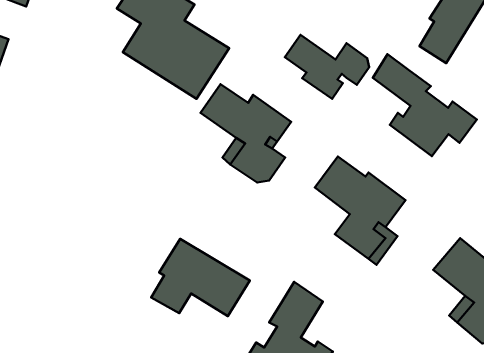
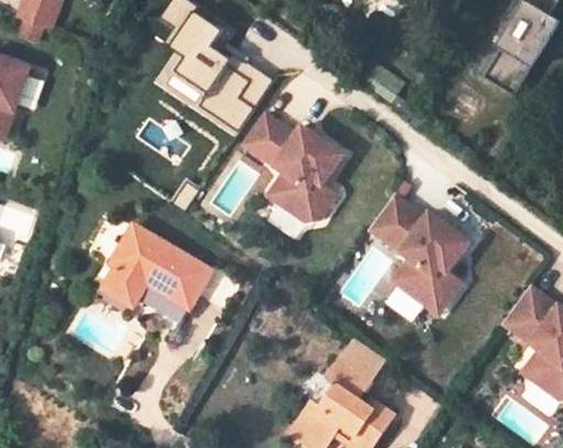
building: [285,35,369,99] -> none
building: [373,54,477,156] -> none
building: [151,239,250,316] -> [97,228,206,314]

